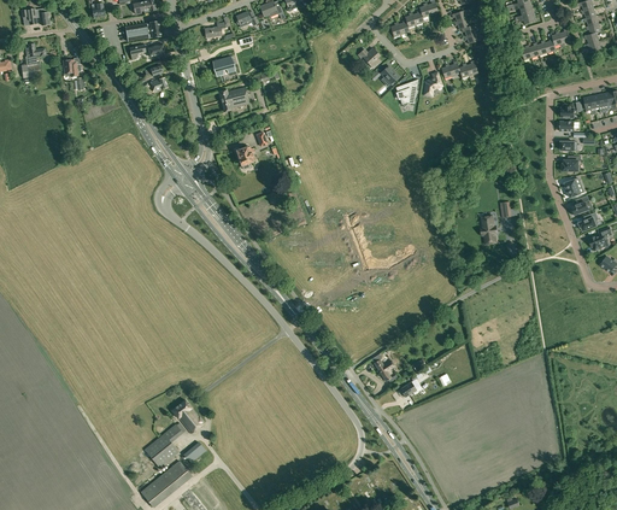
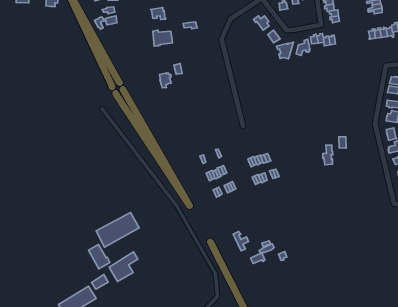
building: none -> [96,213,139,247]
building: [145,423,183,468] -> [109,252,138,281]

